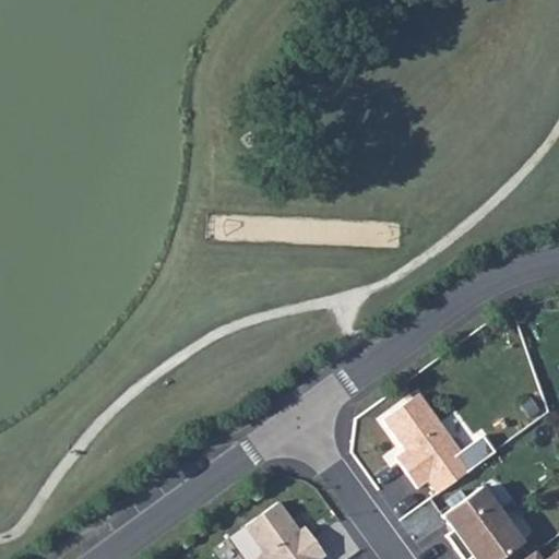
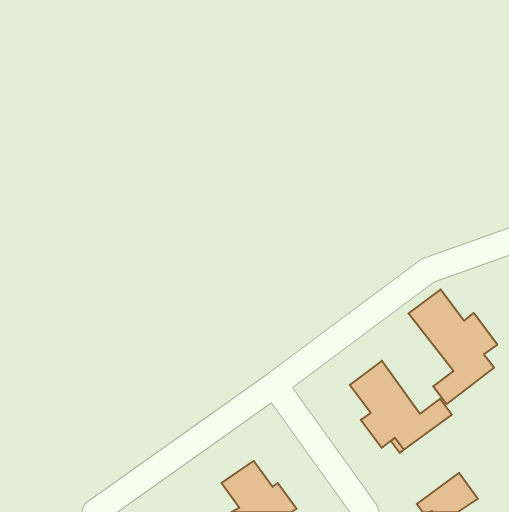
building: none -> [408,289,497,404]
building: [443,487,503,549] -> none

